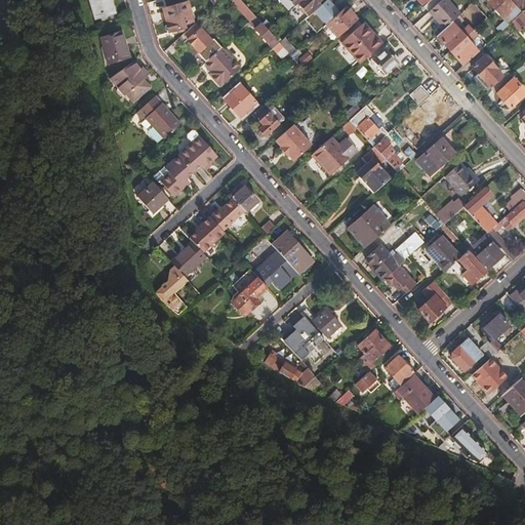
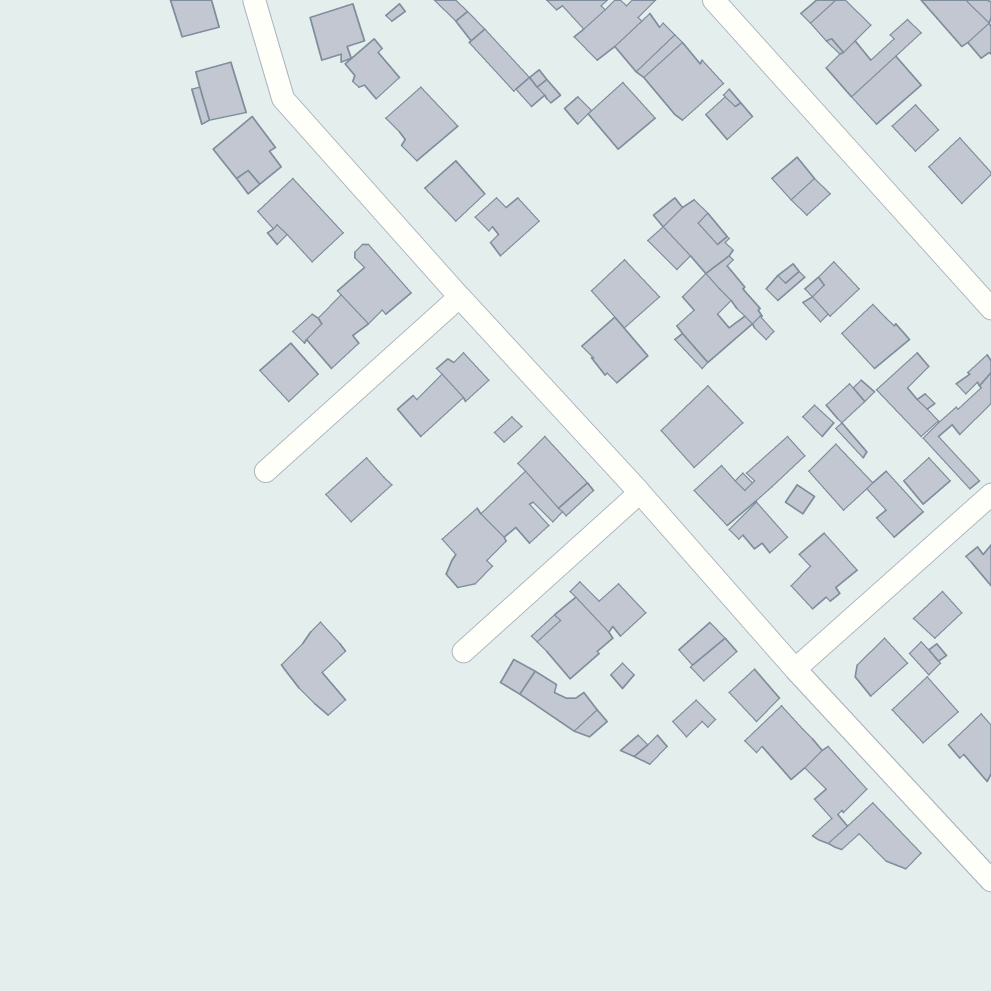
building: none -> [588,83,655,149]
building: [277,123,312,158] -> [582,317,648,383]
building: [191,215,225,252] -> none
building: [155,265,189,314] -> [282,622,346,715]

